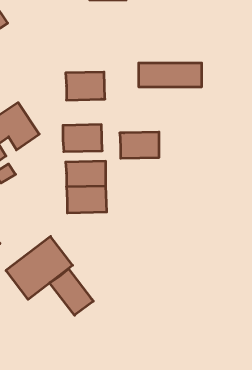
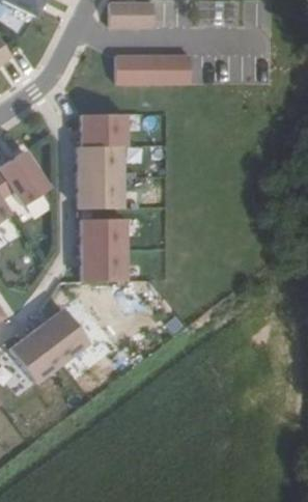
building: [139,63,202,87] -> [116,55,191,83]
building: [120,132,159,158] -> [77,145,123,176]
building: [50,269,93,315] -> none

